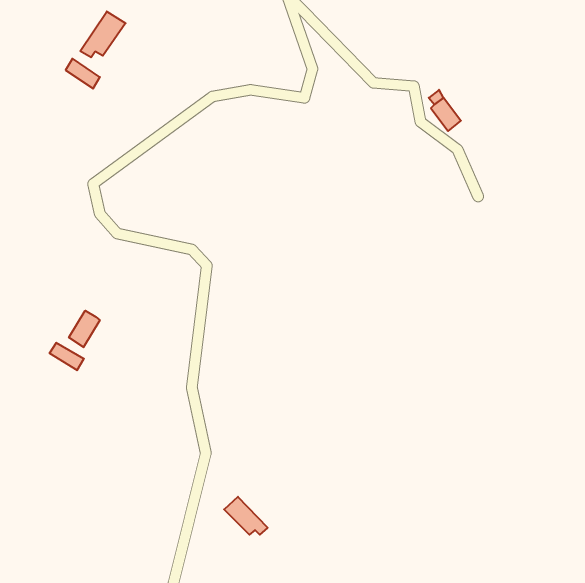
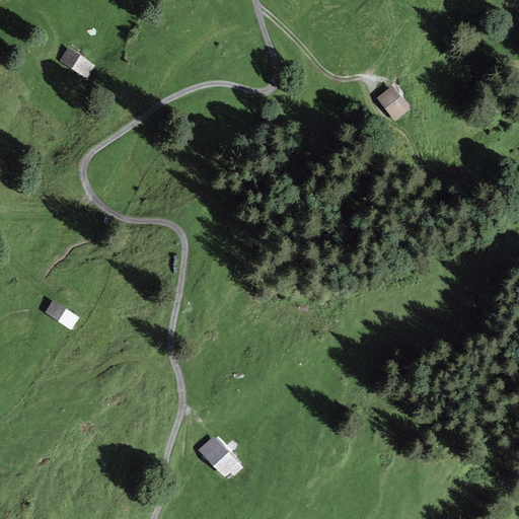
building: [80,11,126,57] -> none
building: [69,311,100,347] -> none

